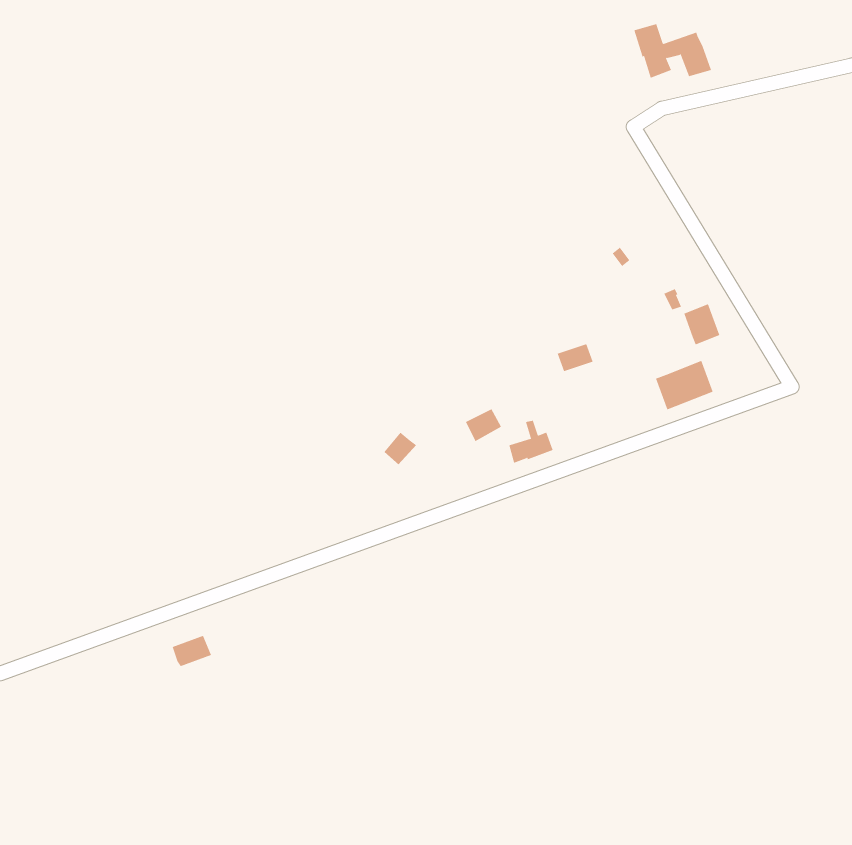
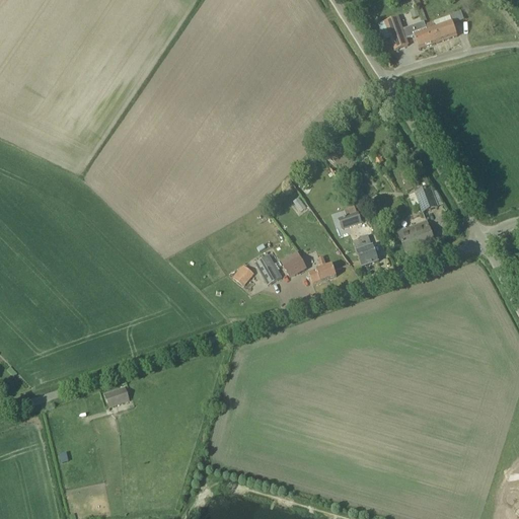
building: none -> [425,18,457,43]
building: none -> [353,233,379,265]
building: none -> [255,253,281,284]

